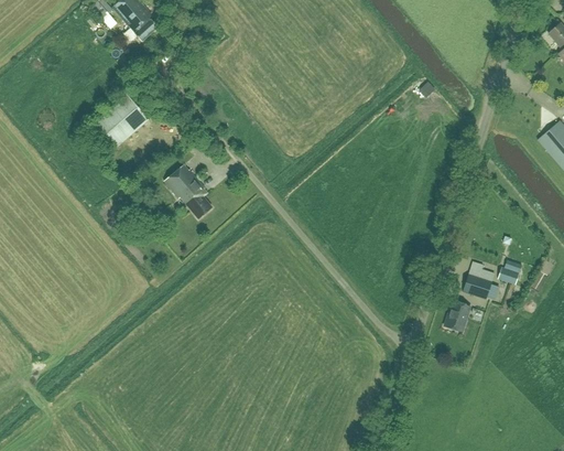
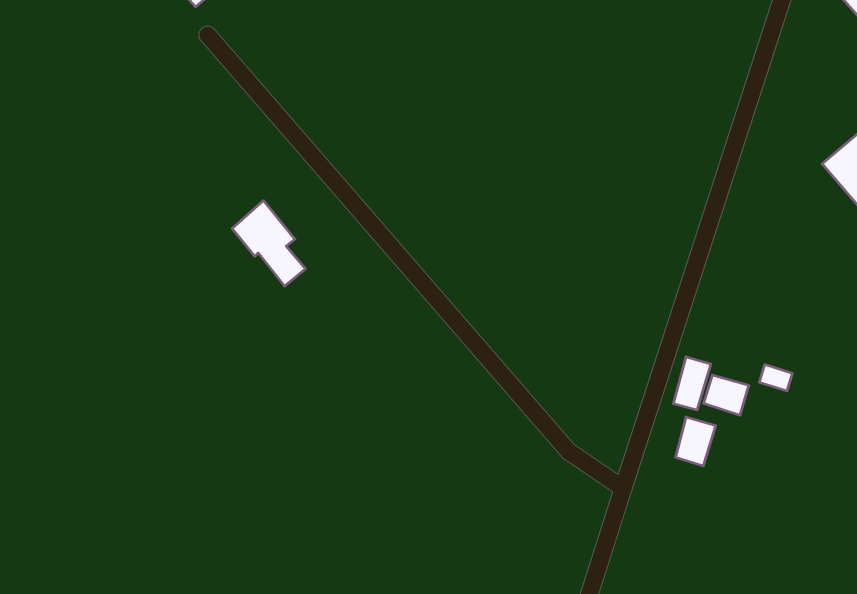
building: [94,93,149,147] -> none
building: none -> [673,357,711,410]

